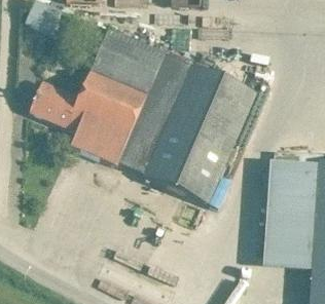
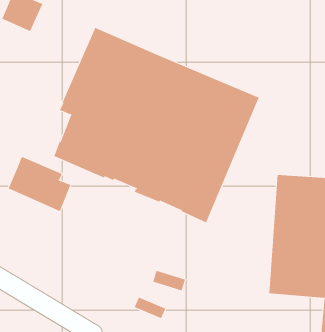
building: [30,83,86,132] -> [8,156,71,211]

